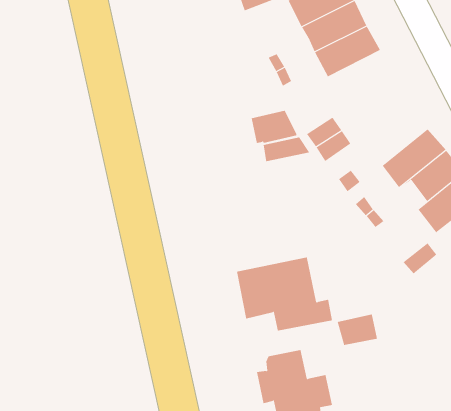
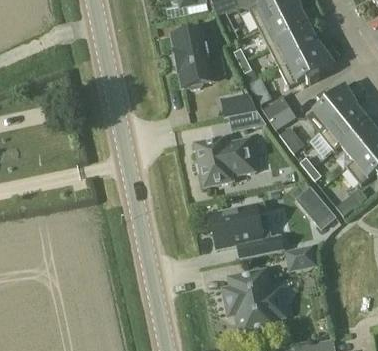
building: none -> [174,26,218,87]
building: none -> [279,44,334,85]
building: none -> [307,83,356,132]
building: none -> [195,136,256,185]
building: none -> [297,185,336,227]

